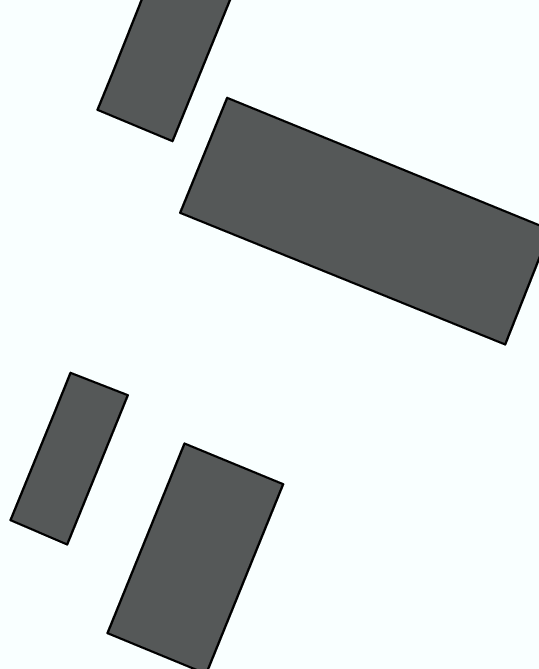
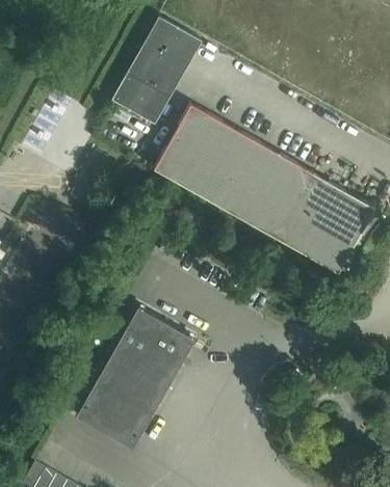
building: [10,373,128,545] -> none

